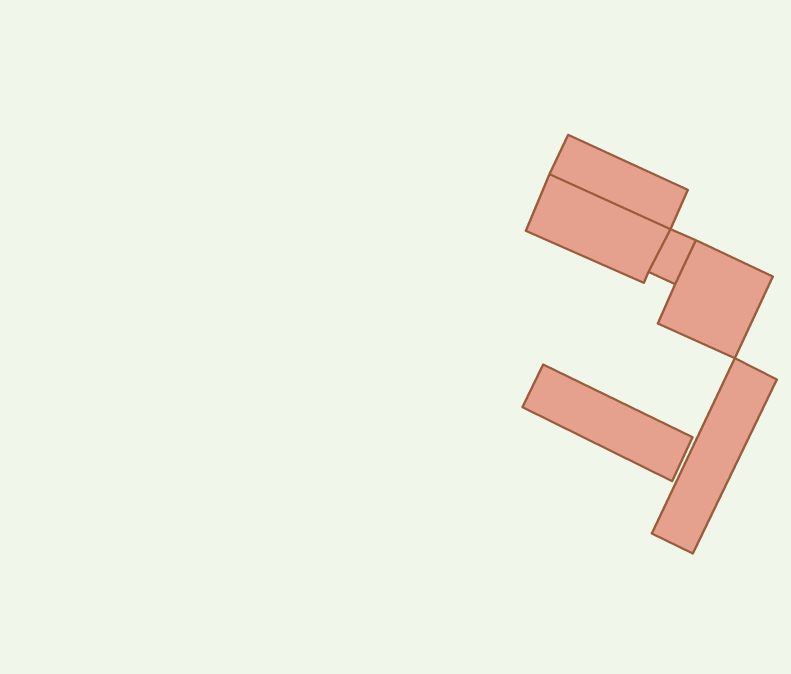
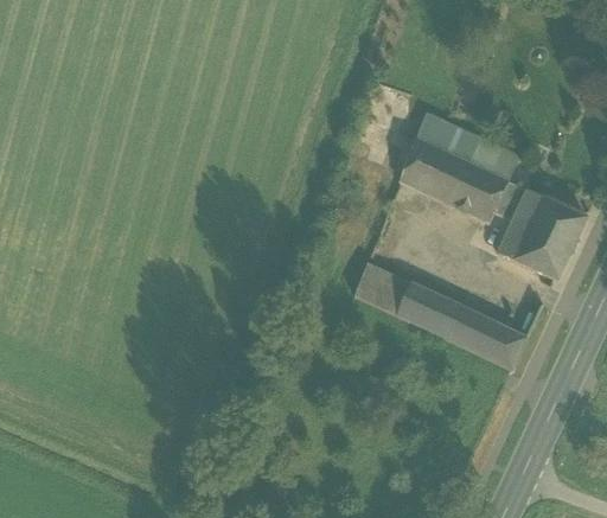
building: none -> [354,261,411,314]
building: [652,358,777,554] -> none

